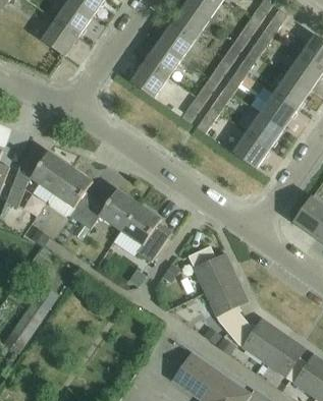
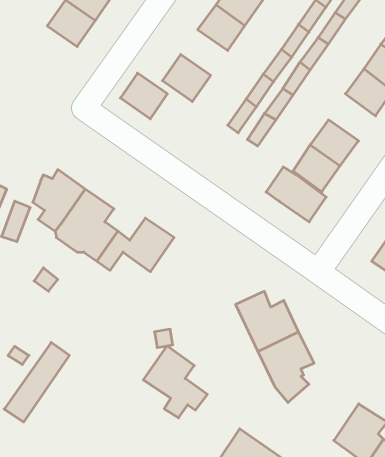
building: [145,42,181,77] -> [120,73,167,119]
building: [250,85,297,128] -> [266,167,326,222]
building: [121,204,171,260] -> [143,346,207,418]
building: [228,318,283,361] -> none

